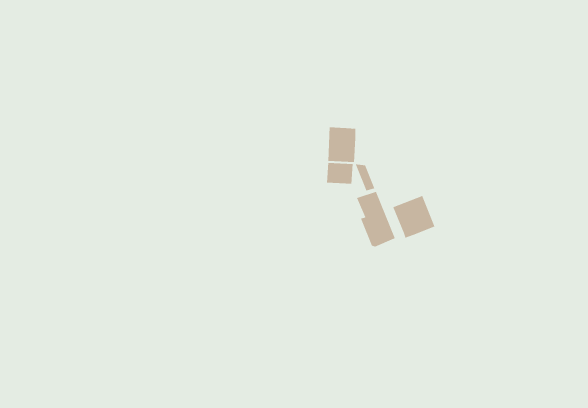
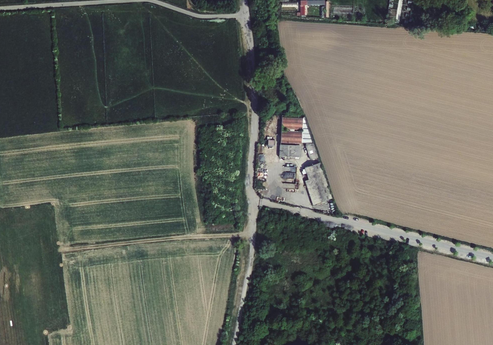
building: [392,195,435,238] -> none

